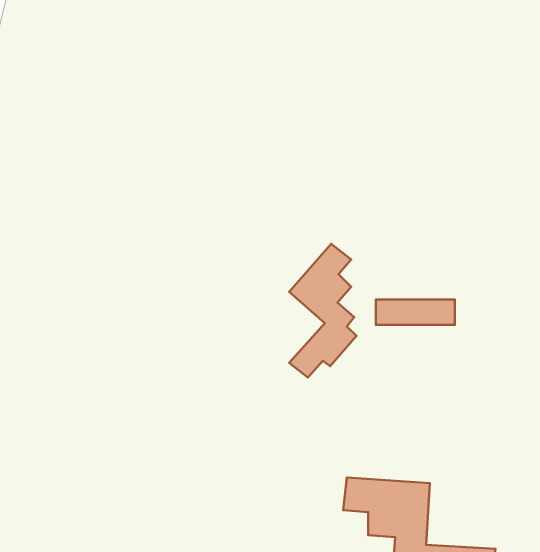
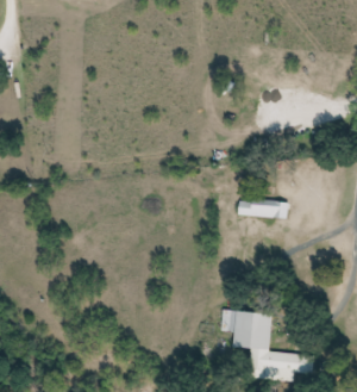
building: [289,244,356,378] -> none

